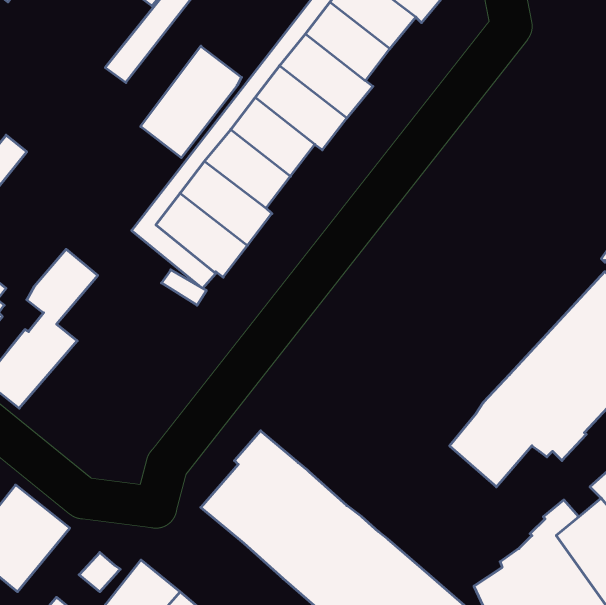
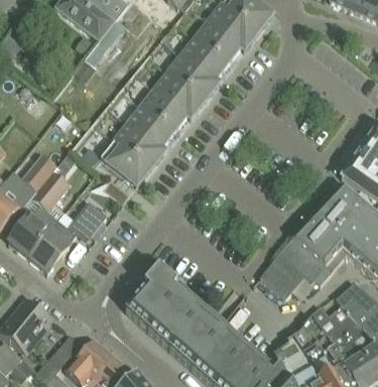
building: [141,46,242,158] -> none
building: none -> [22,153,57,190]
building: none -> [28,200,108,272]

